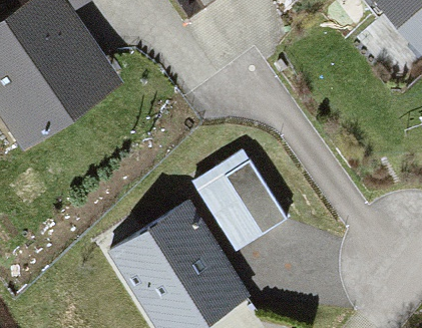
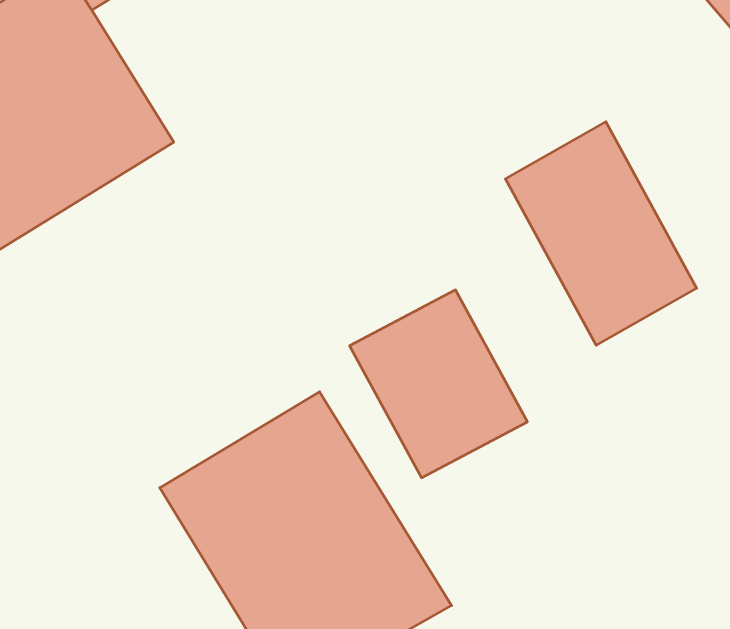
building: none -> [505,122,697,345]

